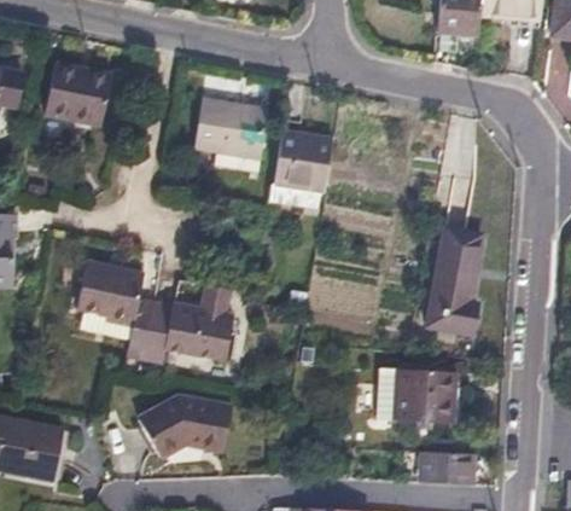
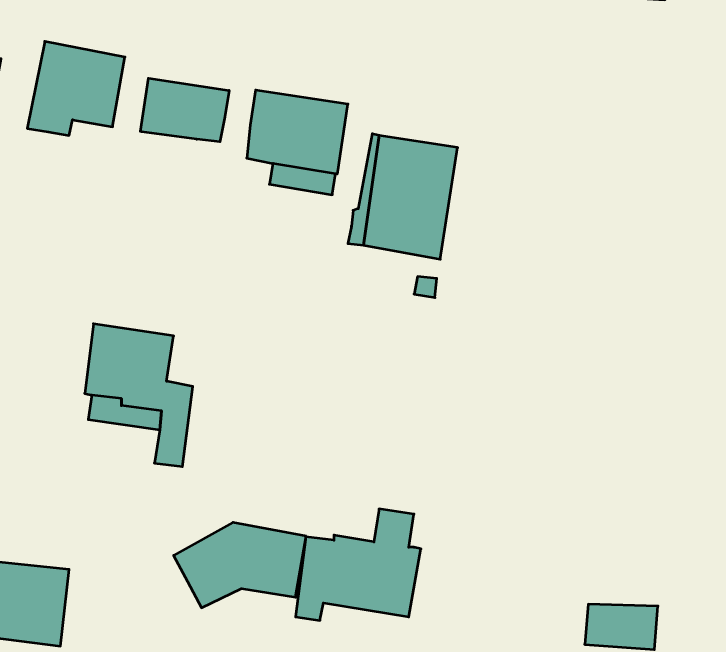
building: none -> [140,78,229,142]
building: [429,228,482,335] -> none
building: [145,283,232,360] -> [296,509,421,620]
building: [381,372,454,424] -> none

